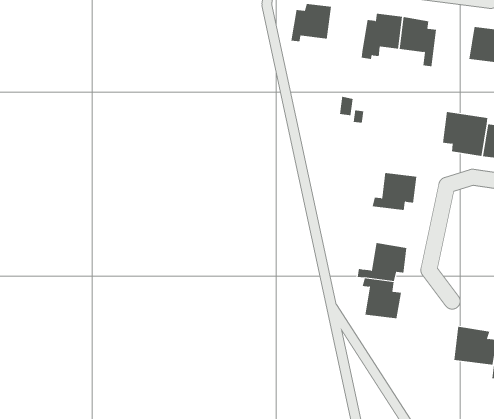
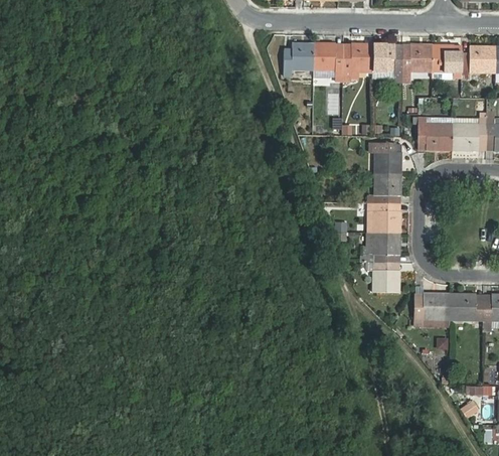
building: none -> [314,42,344,77]
building: none -> [402,44,433,83]
building: none -> [369,142,401,173]
building: none -> [367,202,401,233]
building: none -> [414,292,450,326]

